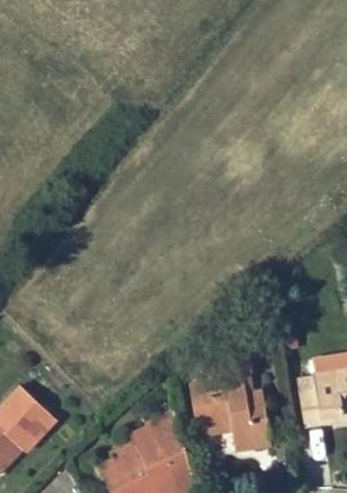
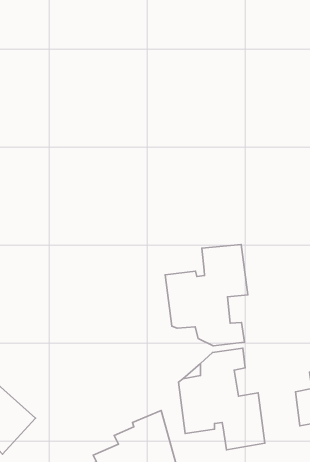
building: none -> [165,244,248,346]

